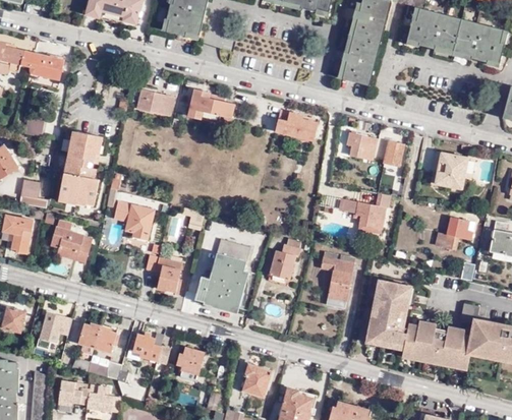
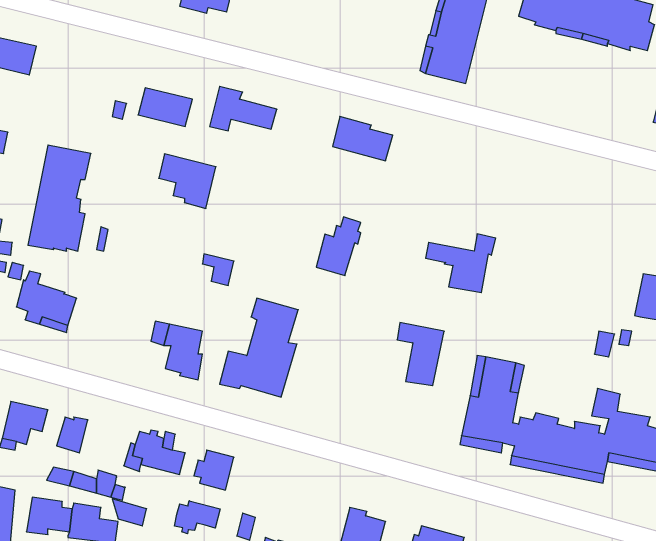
building: [346,132,377,161] -> none
building: [382,140,404,168] -> none
building: [430,151,468,189] -> none
building: [114,201,155,240] -> [159,154,216,208]
building: [435,218,474,250] -> none
building: [269,238,300,280] -> [316,217,361,276]
building: [95,325,116,353] -> none
building: [241,363,273,398] -> none
building: none -> [175,501,220,534]

